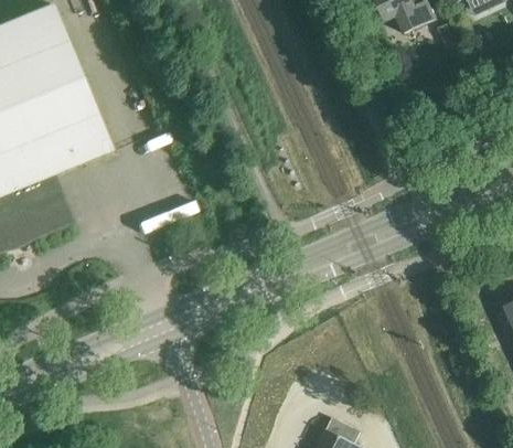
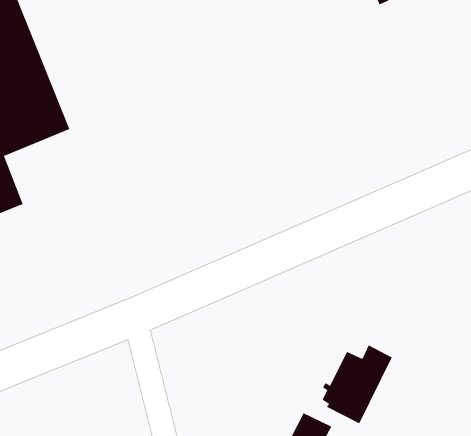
building: none -> [322,344,393,424]

